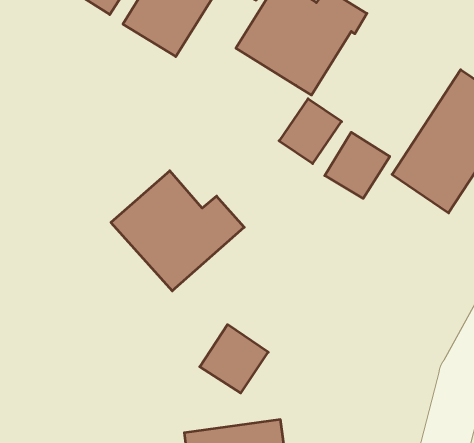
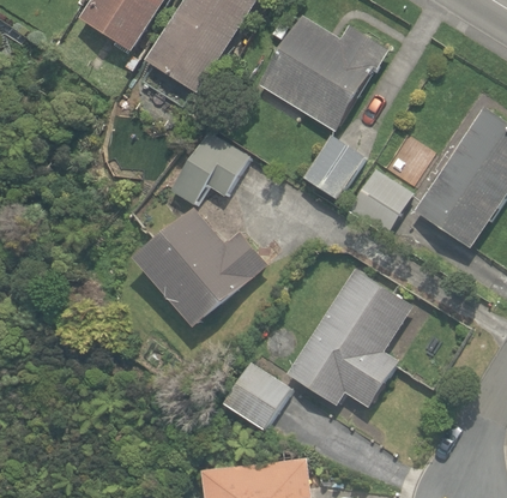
building: none -> [169,130,248,206]
building: none -> [286,269,411,407]

